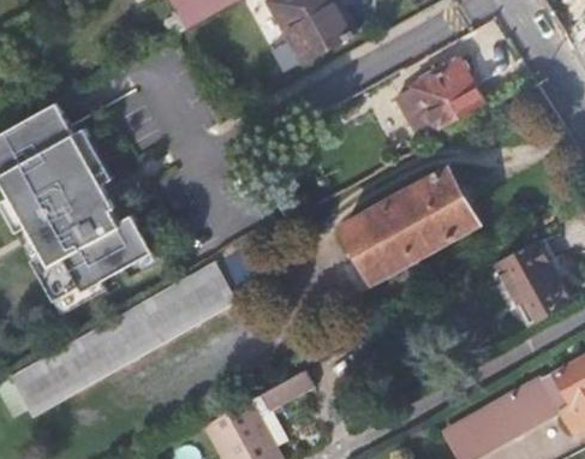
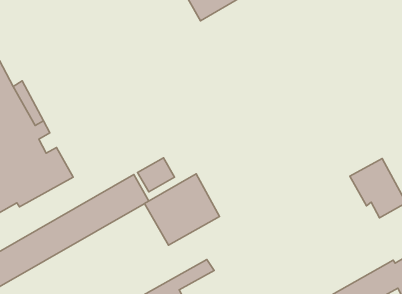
building: [399,59,484,137] -> none
building: [344,167,477,278] -> none
building: none -> [145,174,219,245]

